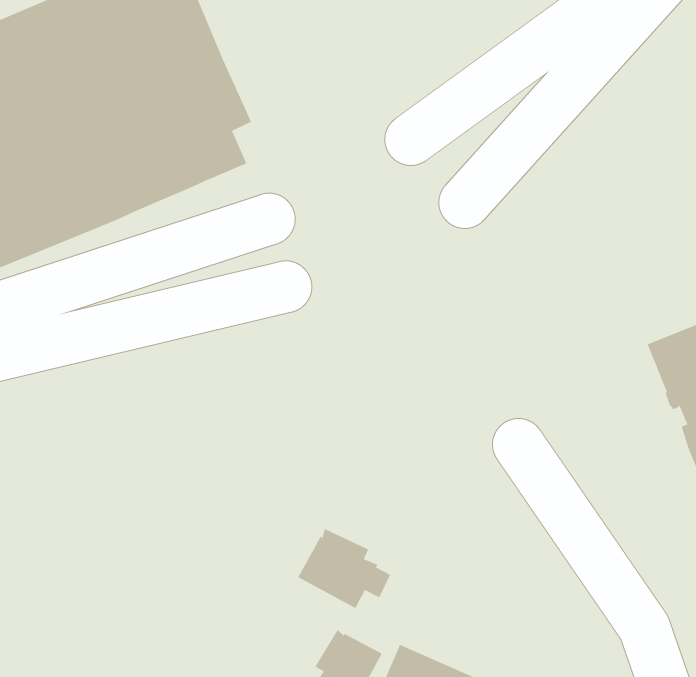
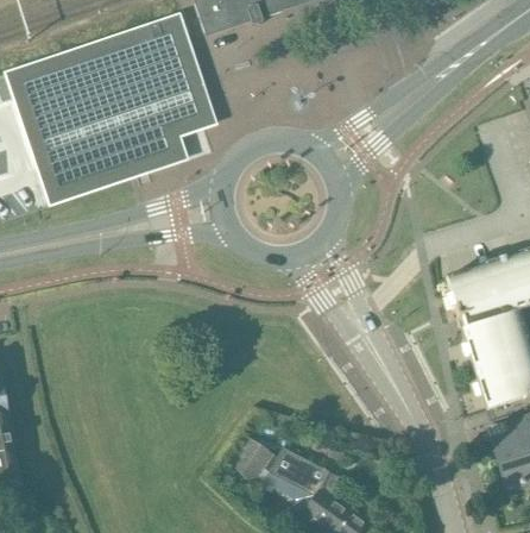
building: [298,528,391,609] -> none

